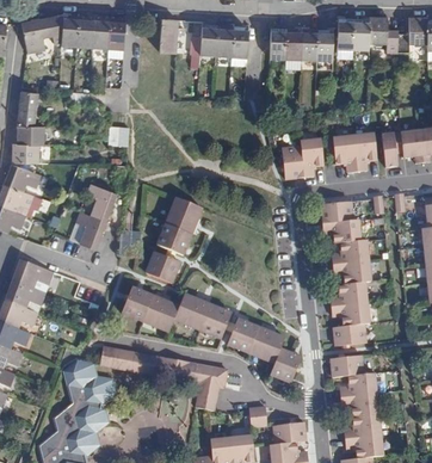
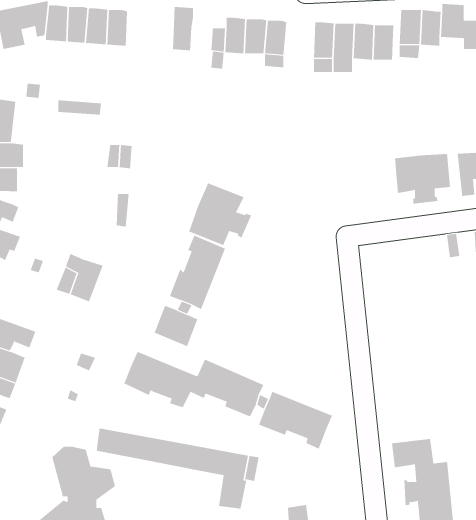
building: [282,138,323,179] -> none
building: none -> [188,182,252,246]
building: [86,184,116,221] -> none
building: [321,202,371,346] -> none
building: [270,348,302,383] -> none

